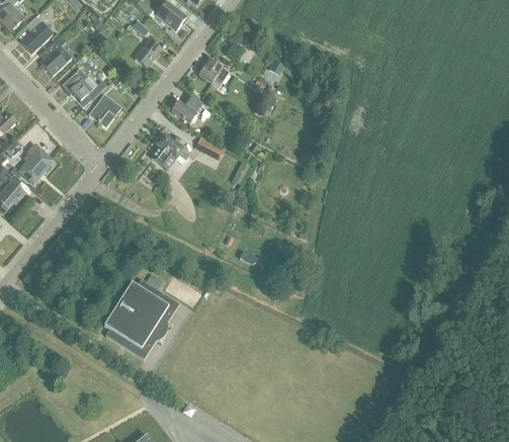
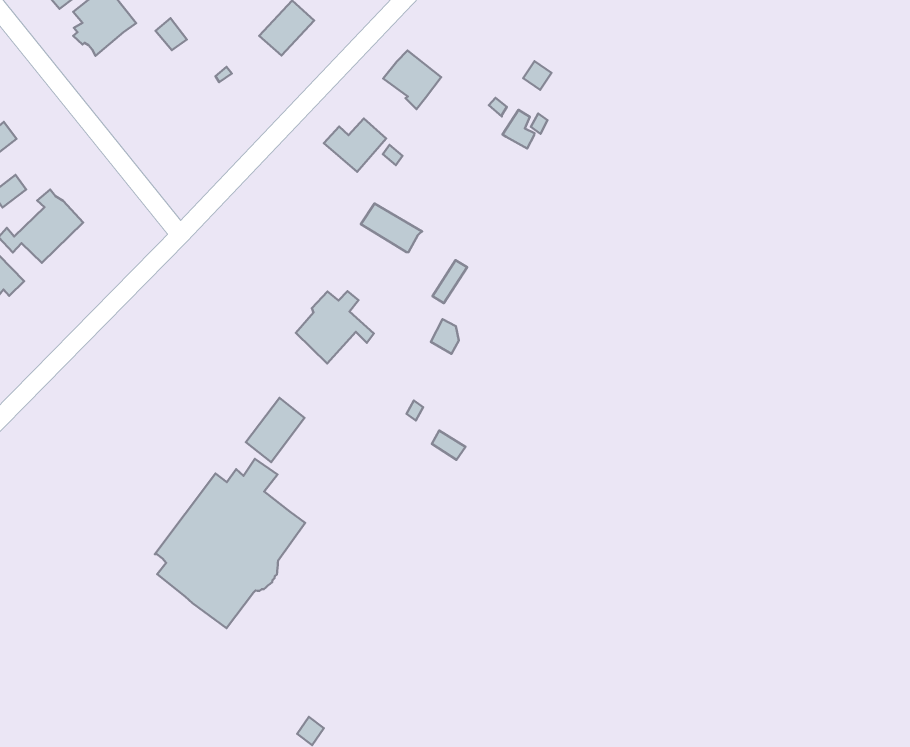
building: [61,68,106,100] -> none
building: [88,93,120,126] -> none
building: [149,134,188,171] -> [296,291,374,363]
building: none -> [246,398,305,462]

